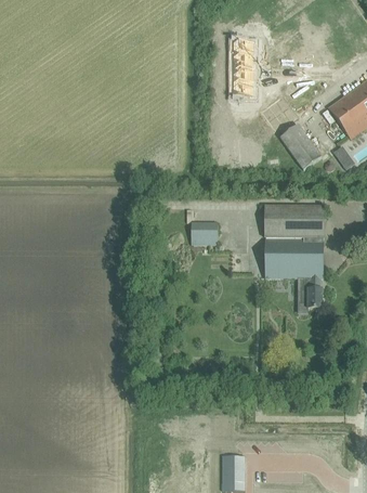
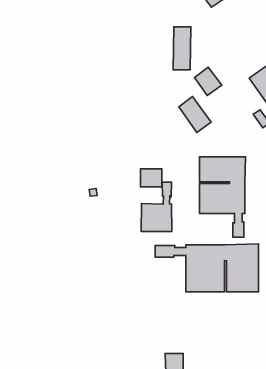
building: [280,124,322,169] -> [179,97,211,133]
building: none -> [141,182,172,232]
building: none -> [155,244,258,292]

